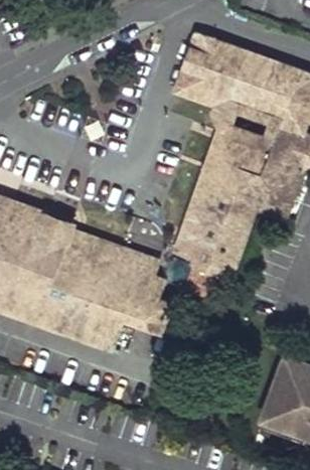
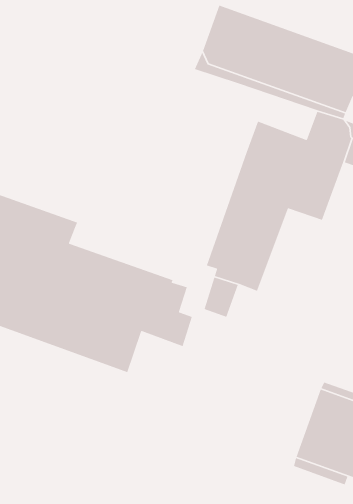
building: [206,104,278,151] -> none

